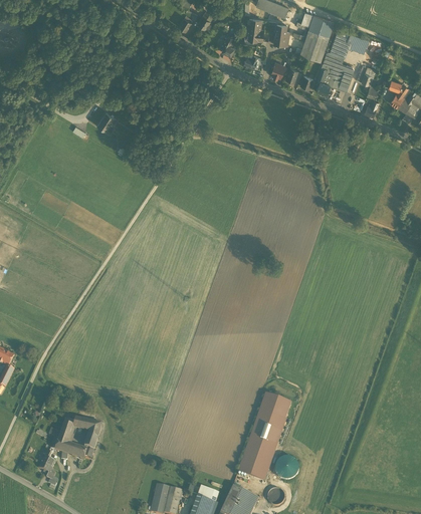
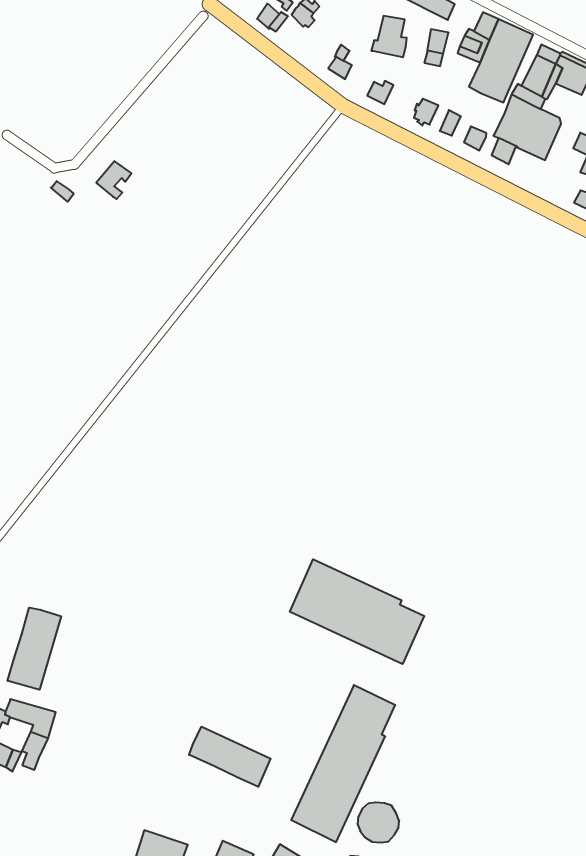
building: none -> [290,559,424,664]
building: none -> [8,608,61,690]
building: none -> [189,727,271,787]

